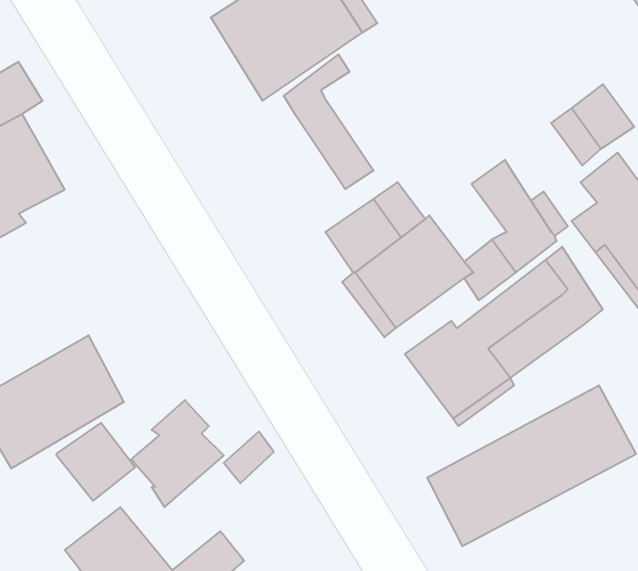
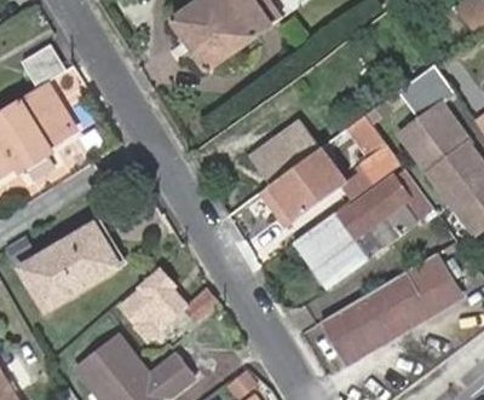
building: [284,54,374,189] -> none
building: [57,423,135,501] -> none

